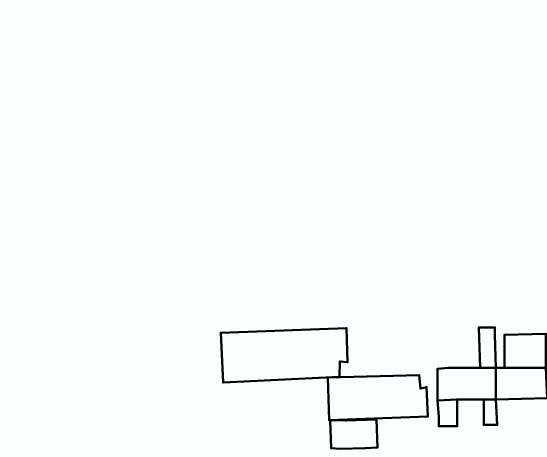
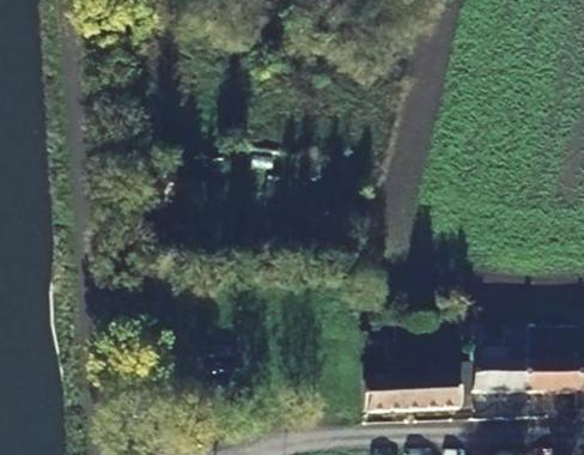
building: [221,328,348,382] -> none
building: [330,419,378,449] -> none

